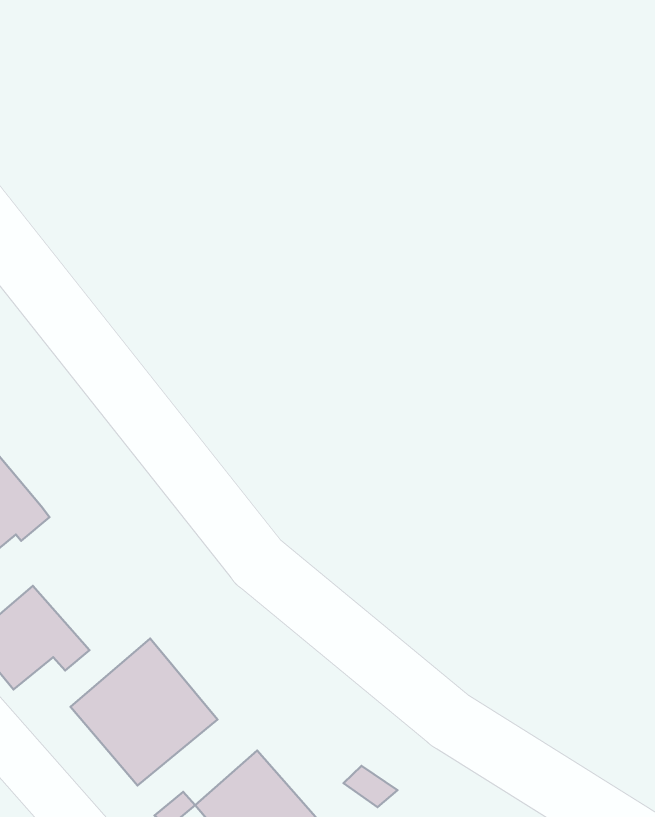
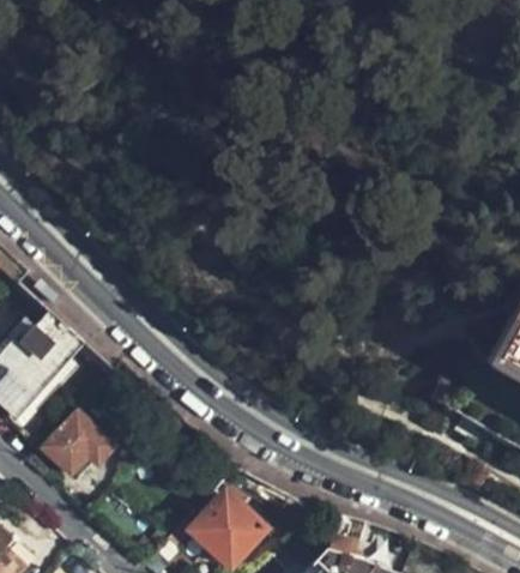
building: [70,639,217,785] -> none

